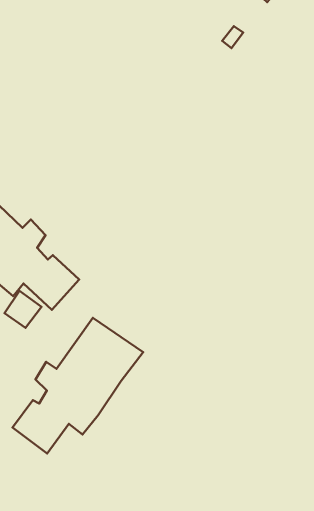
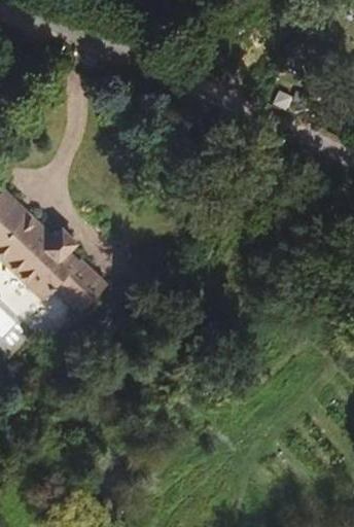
building: [13,318,143,454] -> none

